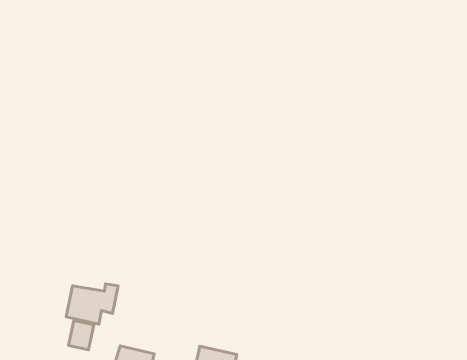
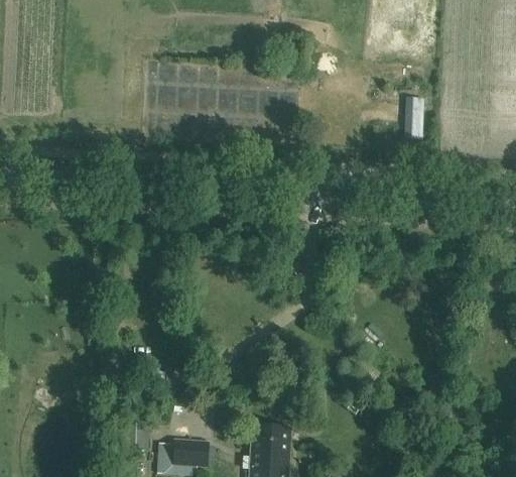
building: none -> [405,97,423,138]
building: [66,284,118,324] -> none

